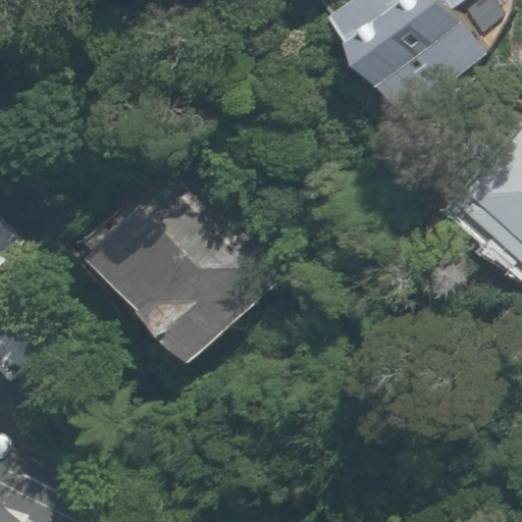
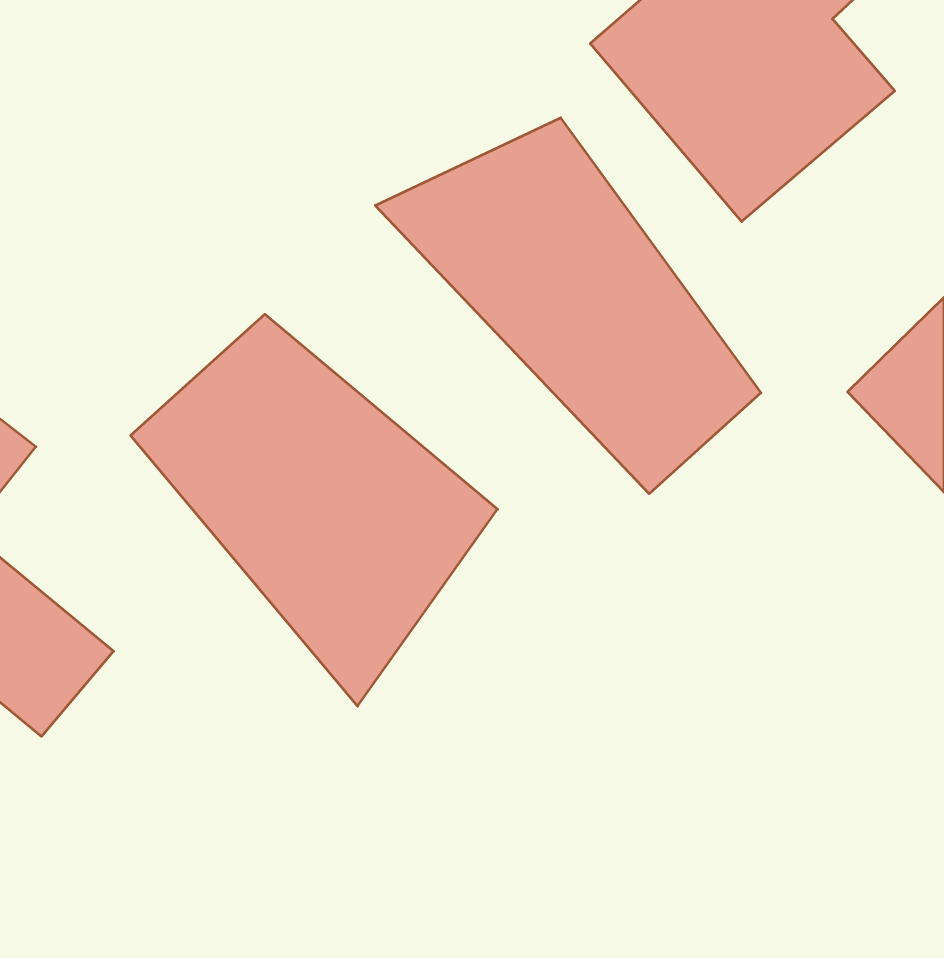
building: none -> [375,118,761,494]

